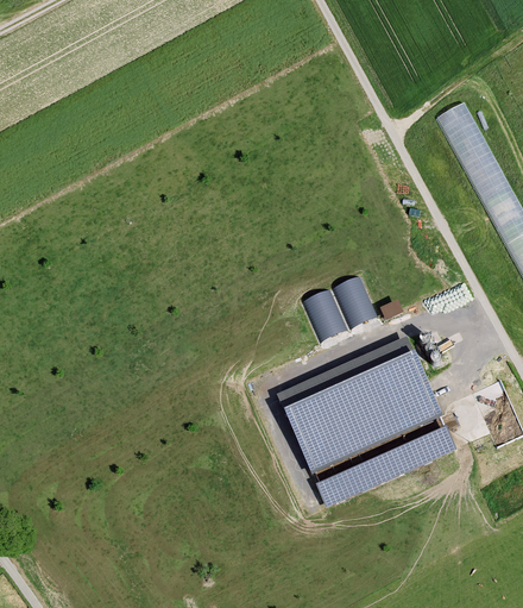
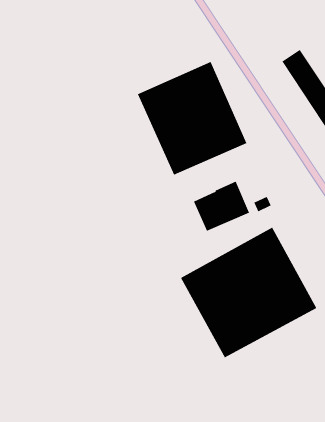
building: none -> [137,61,247,176]

